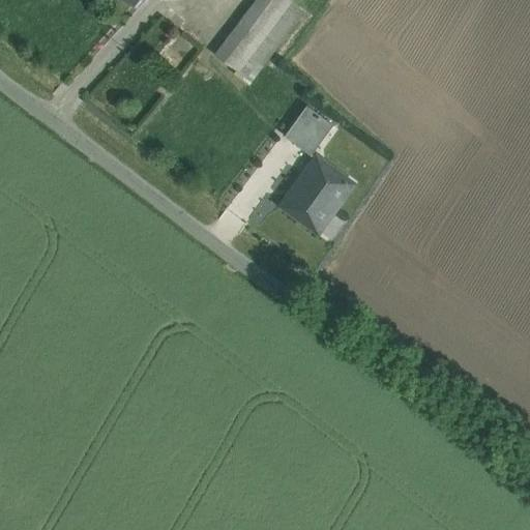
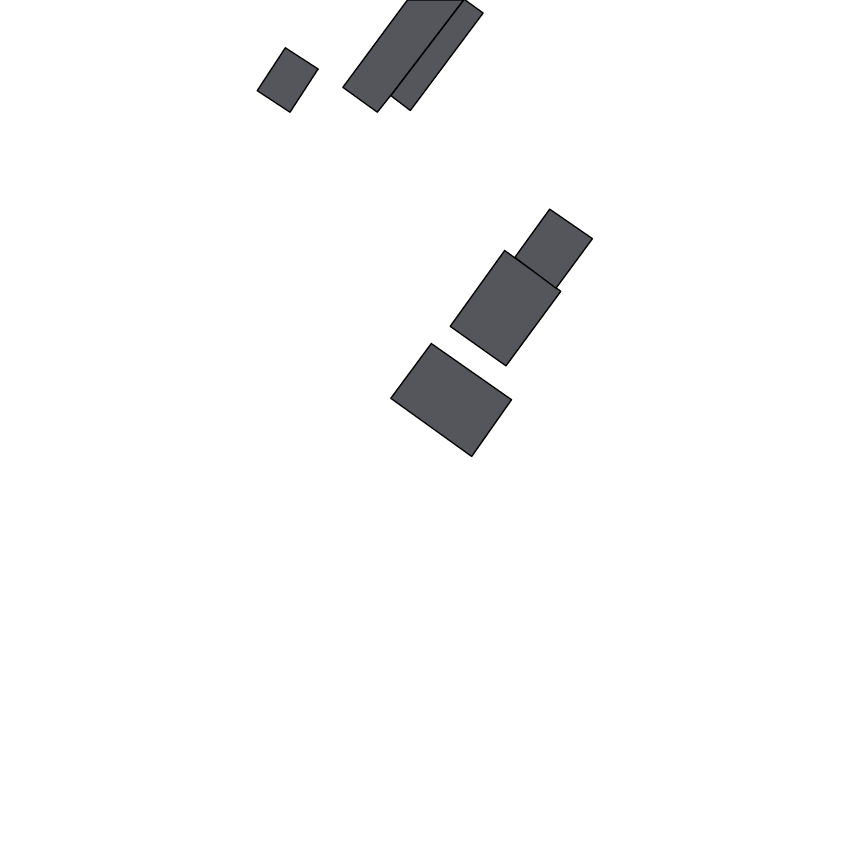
building: [285,106,333,155] -> [515,209,592,288]
building: none -> [391,343,511,456]

